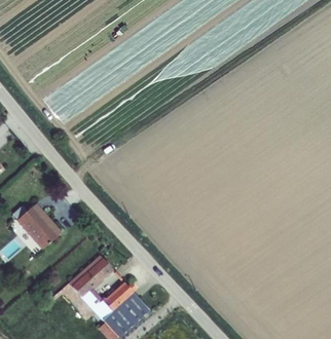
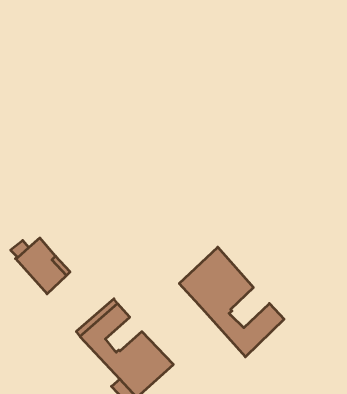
building: none -> [179,247,284,357]

